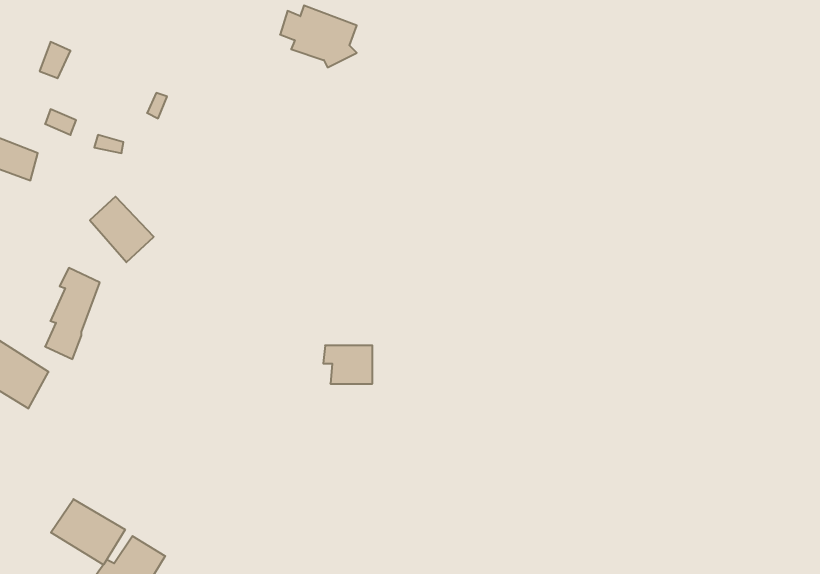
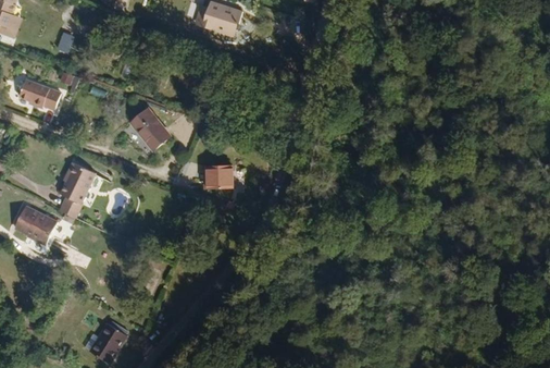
building: [90,197,154,262] -> [128,109,166,148]
building: [323,345,372,384] -> [200,163,229,186]
building: [51,499,125,565] -> none

